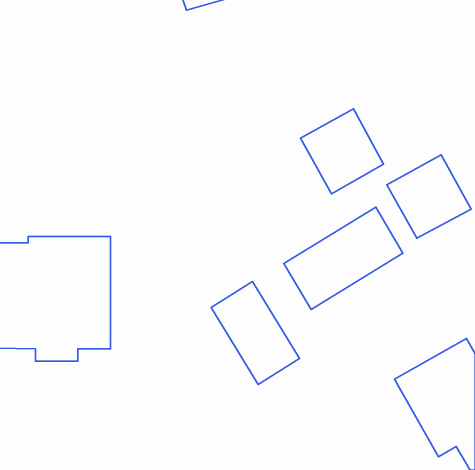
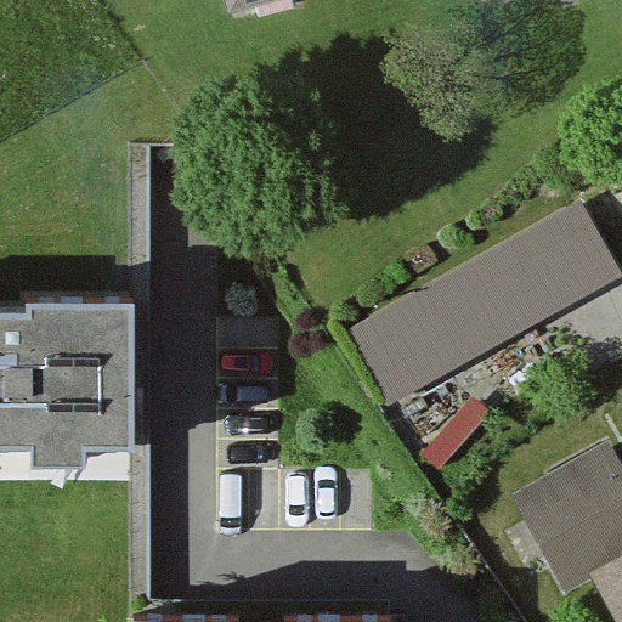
building: [301,109,384,194] -> none
building: [211,281,299,385] -> none

